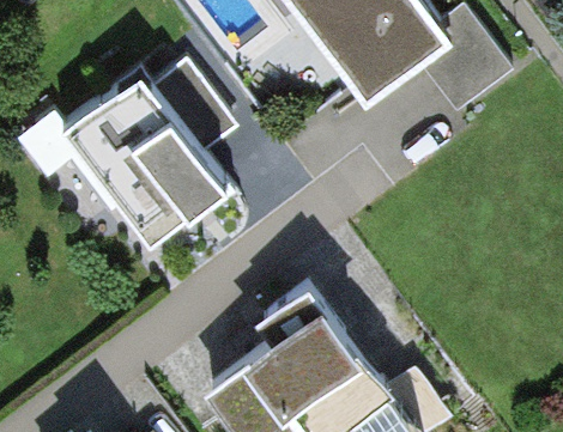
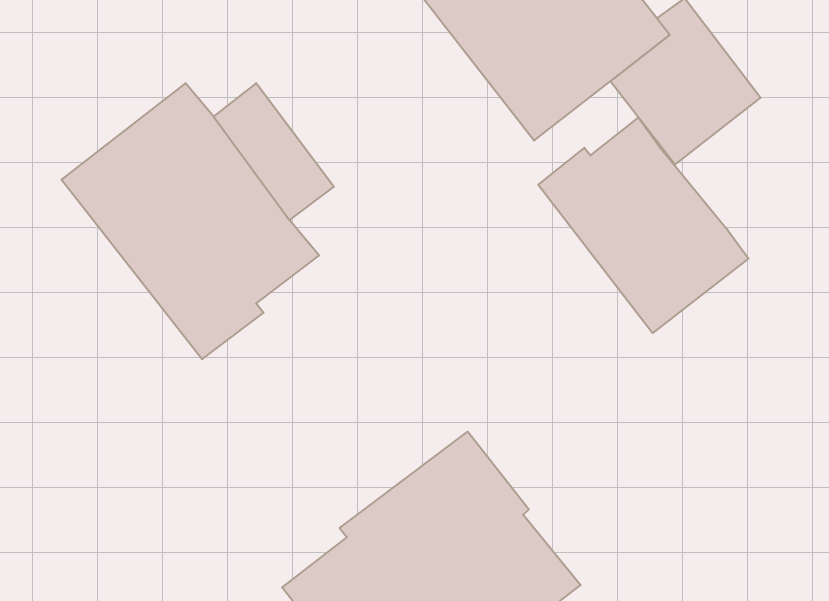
building: none -> [538,118,749,333]

